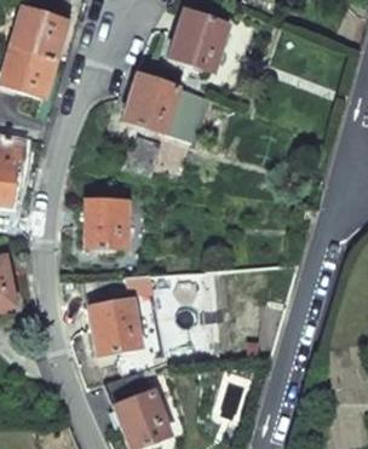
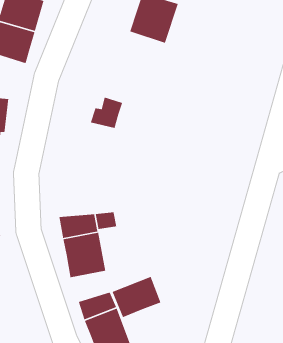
building: [123,74,211,142] -> none
building: [86,200,128,247] -> none
building: none -> [111,276,161,318]

